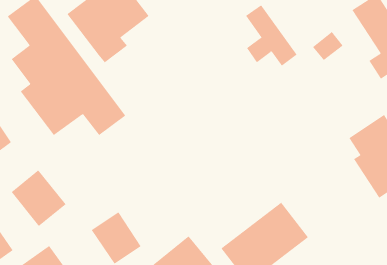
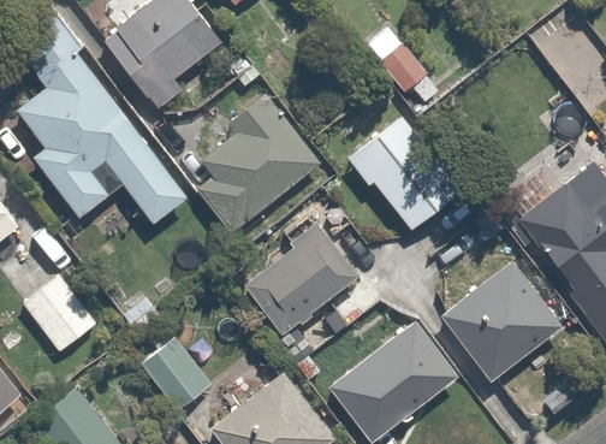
building: none -> [190,90,325,237]
building: none -> [344,108,465,231]
building: none -> [240,224,362,337]
building: none -> [441,266,558,383]

